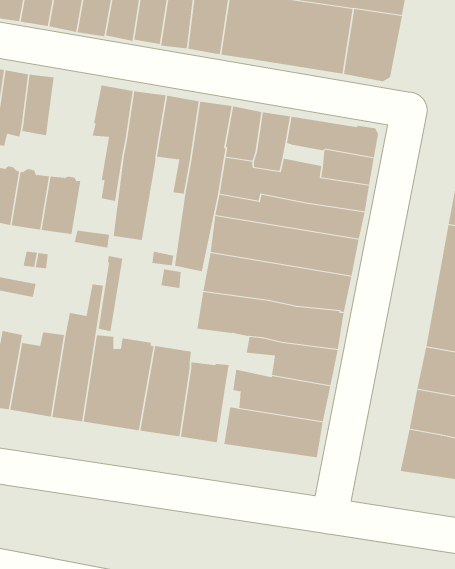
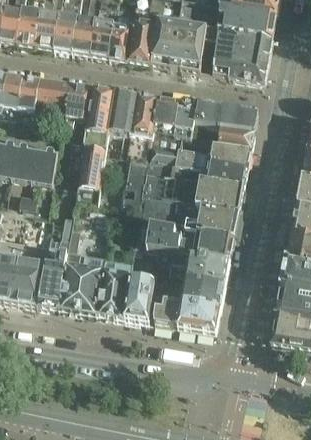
building: none -> [35,78,70,109]

